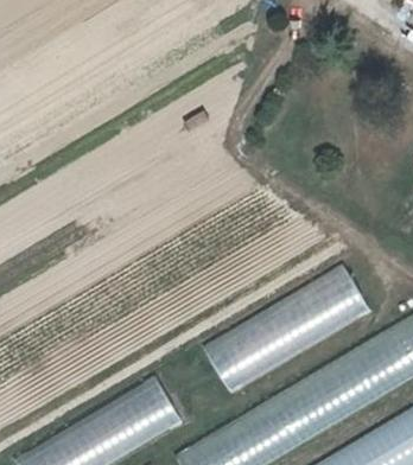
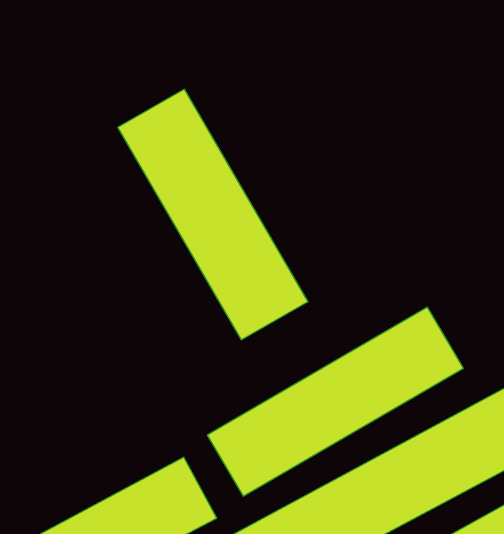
building: none -> [118,89,308,340]

